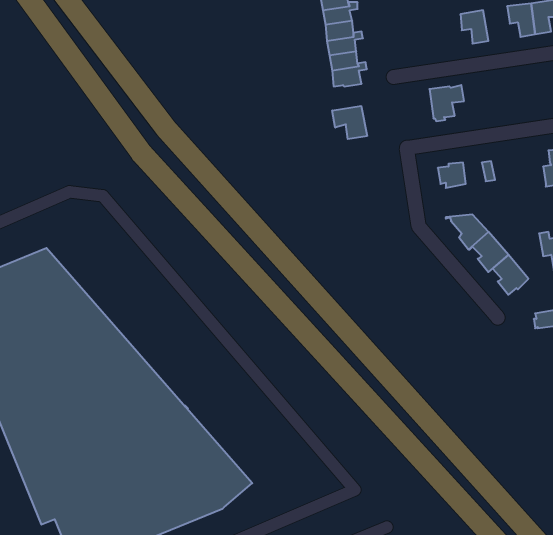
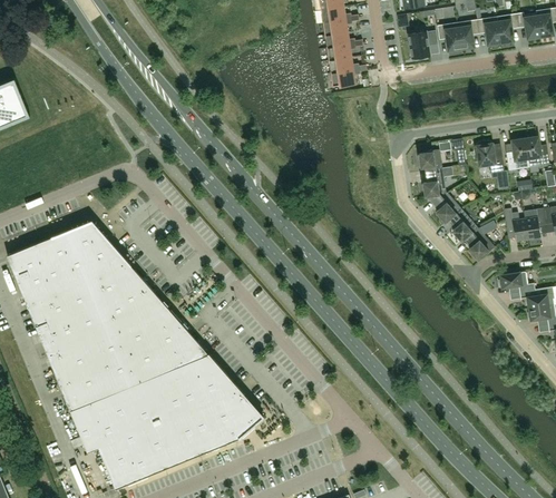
building: none -> [456,20,478,49]
building: [429,85,464,121] -> [408,31,437,61]
building: [332,106,367,139] -> none
building: none -> [475,141,504,174]
building: none -> [422,168,447,196]

